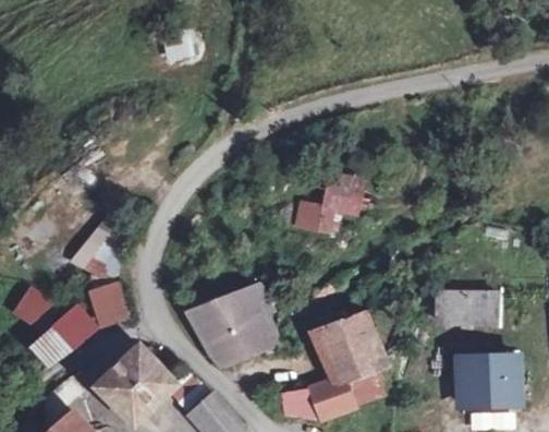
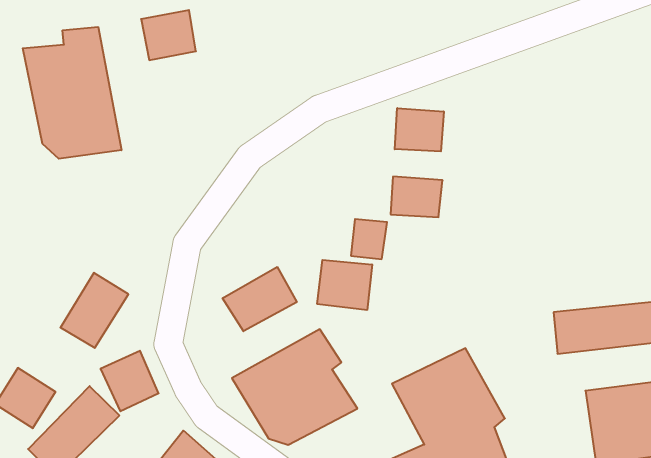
building: none -> [23,27,121,159]
building: none -> [395,108,444,151]
building: none -> [317,260,372,310]
building: none -> [223,267,297,331]

